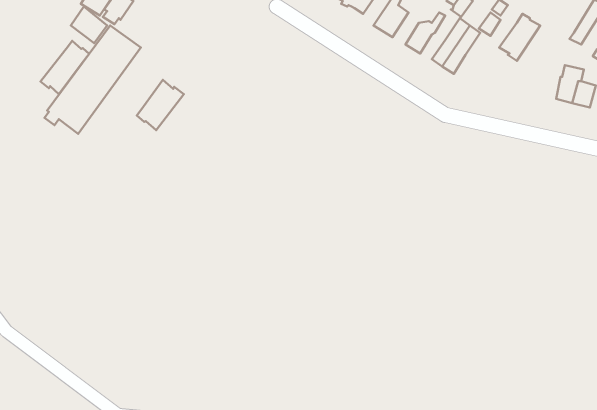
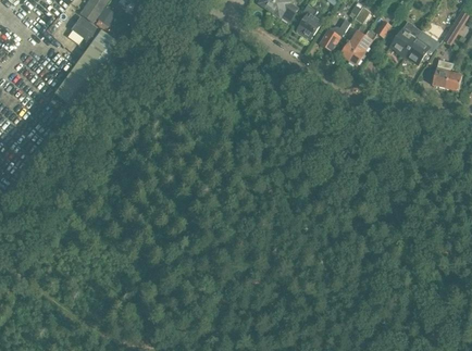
building: none -> [402,32,445,64]
building: [41,41,89,94] -> none
building: [137,80,184,130] -> none

